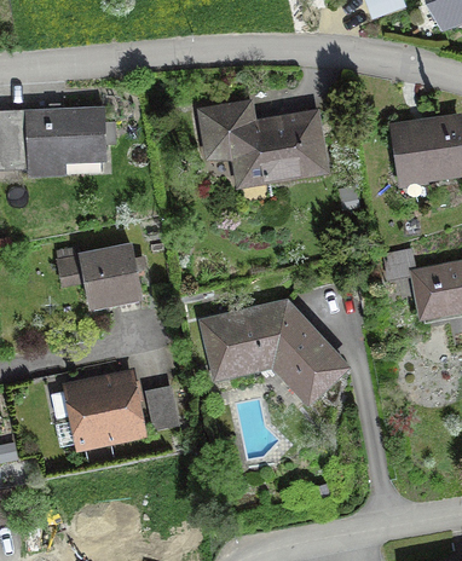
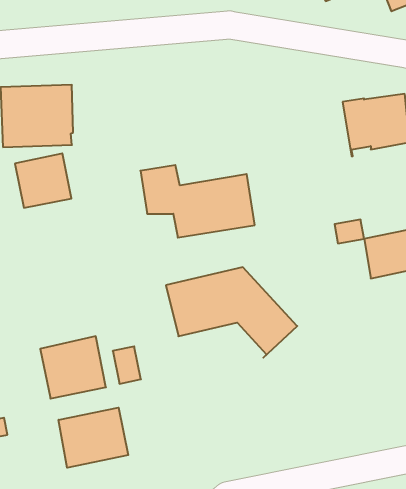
building: [200,106,322,184] -> [140,165,255,238]
building: [79,248,139,306] -> [15,153,71,208]
building: none -> [59,408,128,468]

